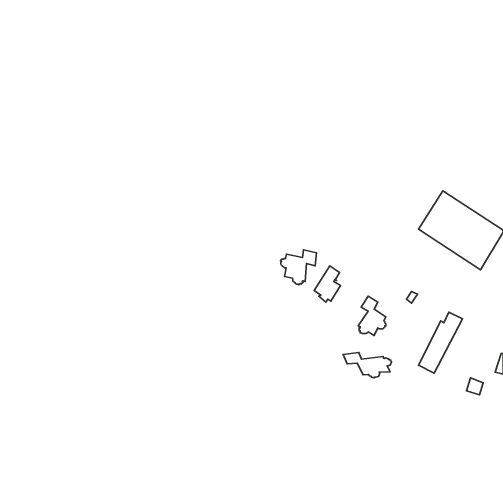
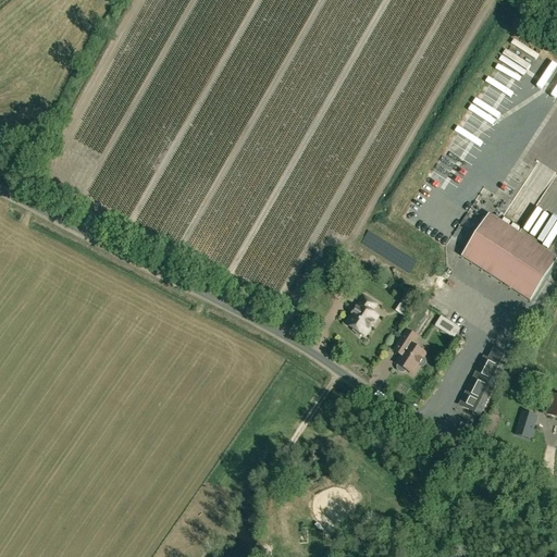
building: [281,250,316,285] -> none
building: [343,353,392,378] -> none

